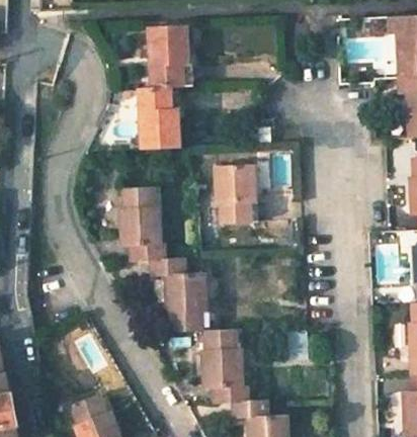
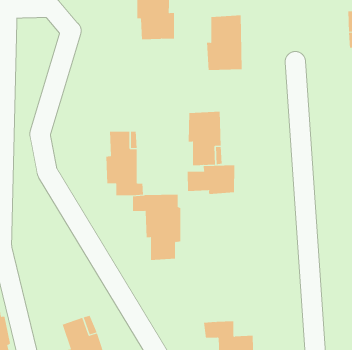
building: [145,87,185,149] -> [206,15,243,71]
building: none -> [187,165,235,195]
building: [203,330,246,403] -> none

